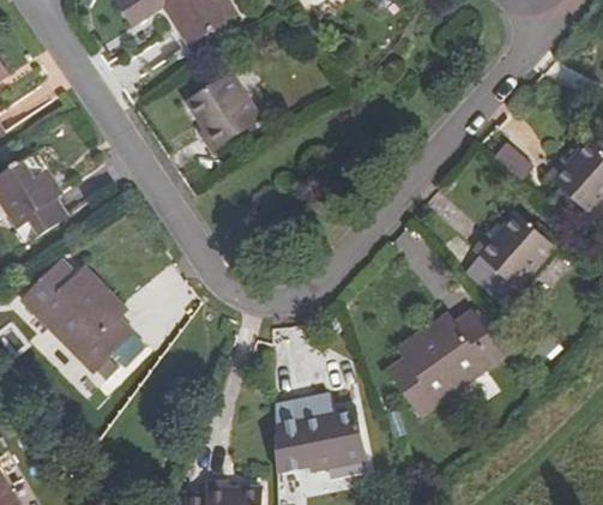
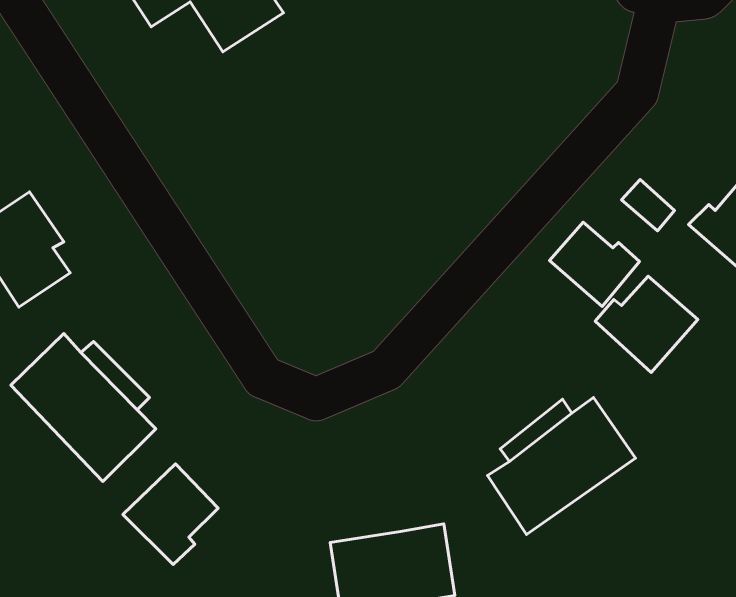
building: [183,73,259,152] -> none
building: none -> [549,222,640,307]
building: none -> [123,464,218,564]

